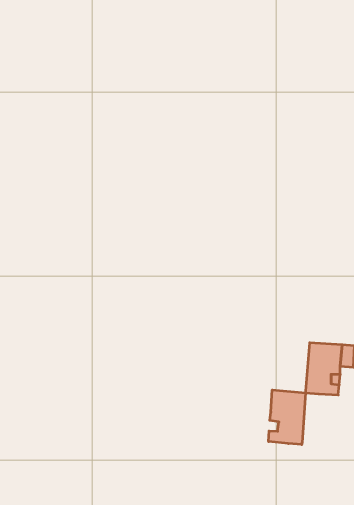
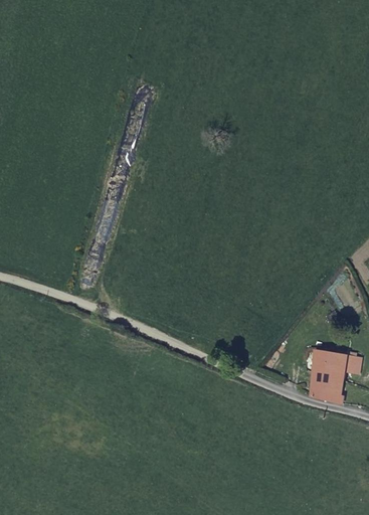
building: [269,390,306,445] -> none

